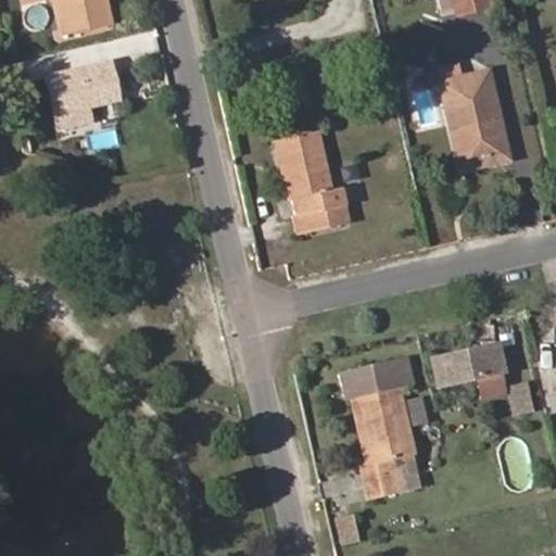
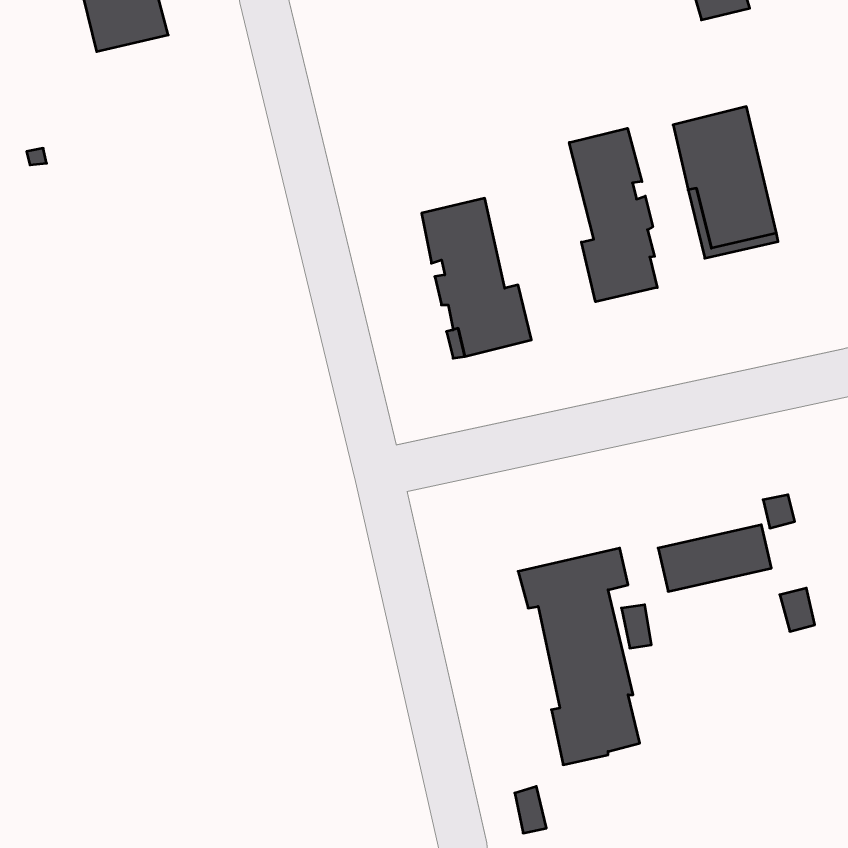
building: [49,62,119,127] -> none
building: none -> [569,128,657,302]

